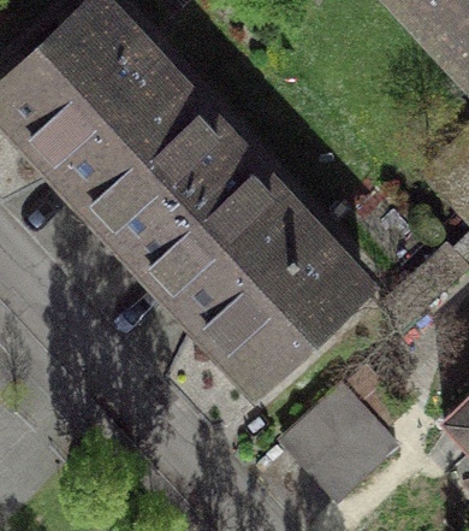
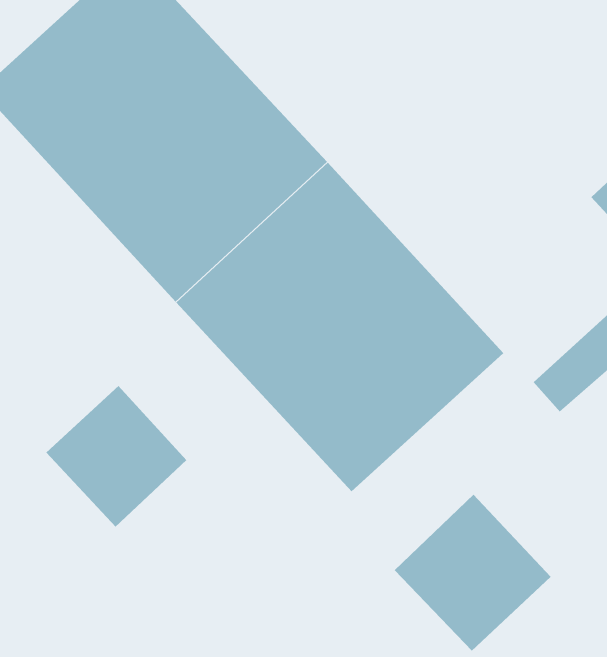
building: none -> [45,385,187,527]

